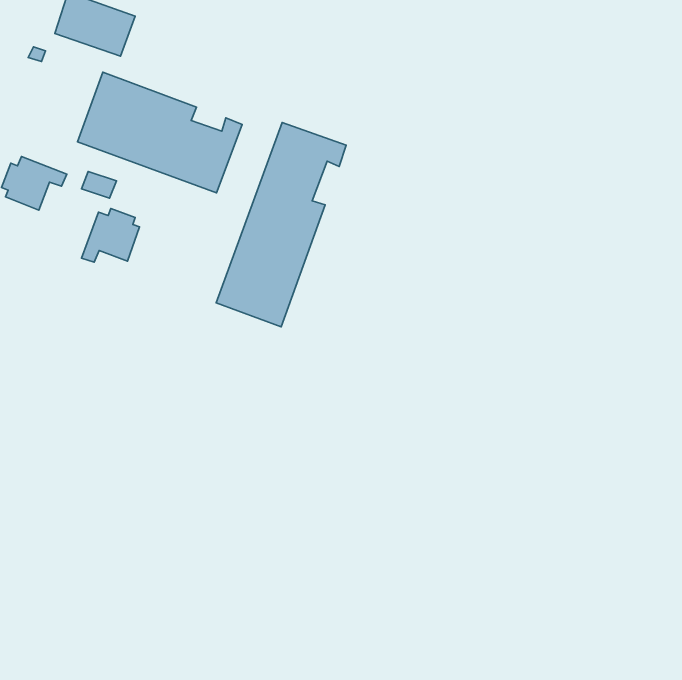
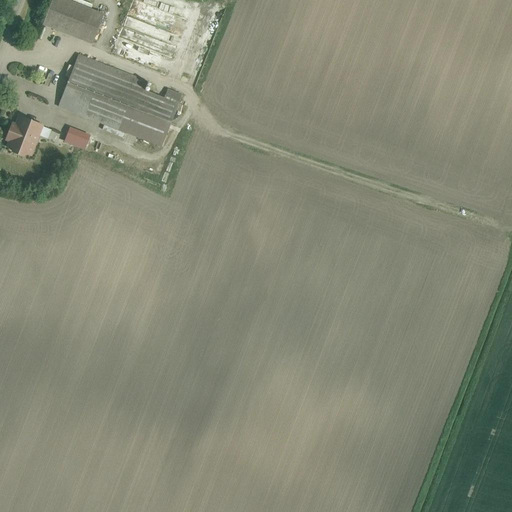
building: [216,122,346,327] -> none
building: [81,209,140,262] -> none

